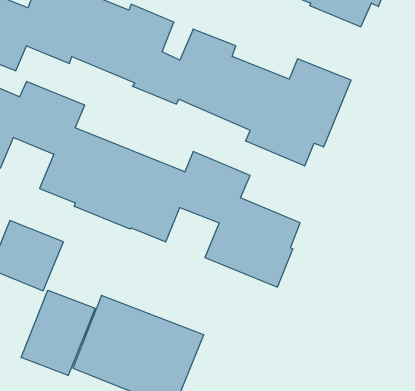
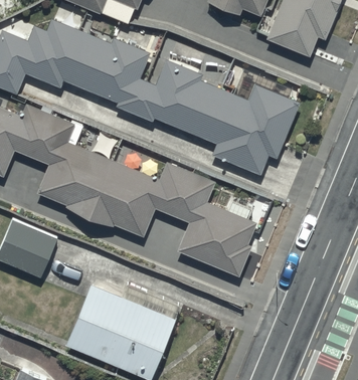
building: [21,290,95,376] -> none

